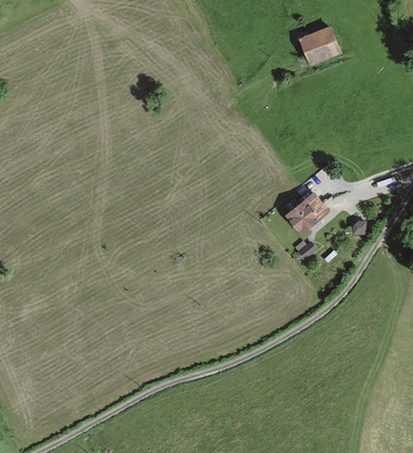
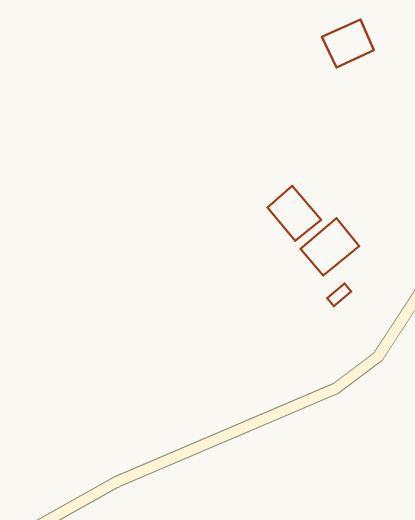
building: none -> [268,186,321,241]

